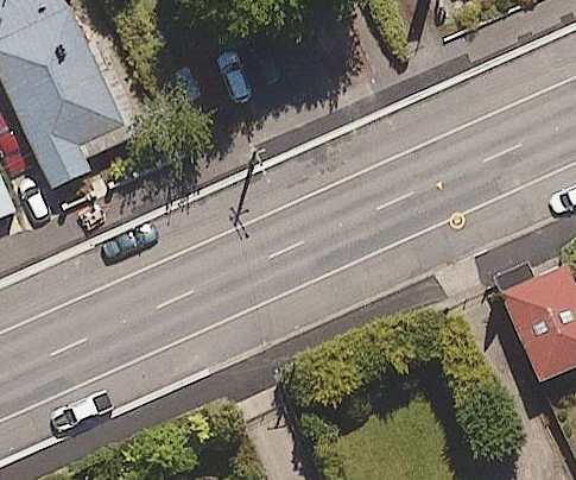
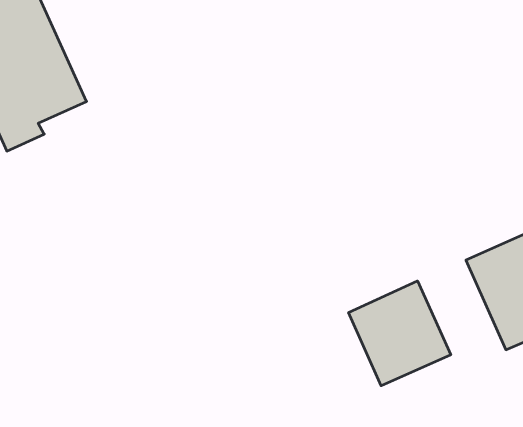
building: none -> [349,281,451,386]

